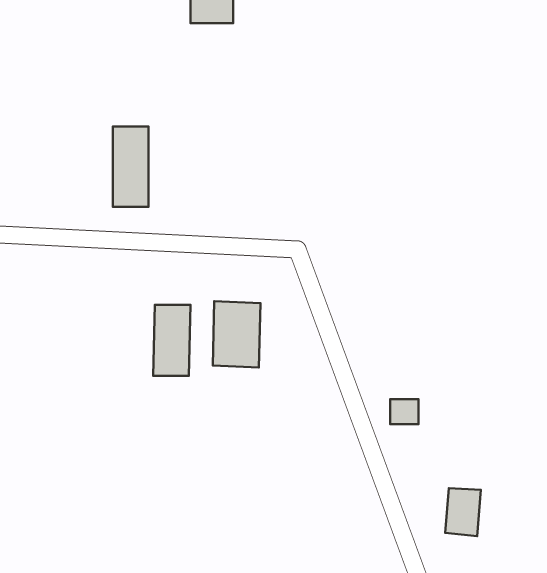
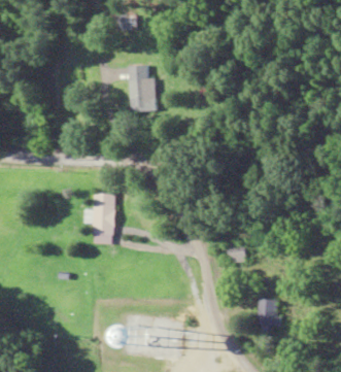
building: [113,127,149,207] -> [131,66,151,112]
building: [213,301,260,367] -> none

